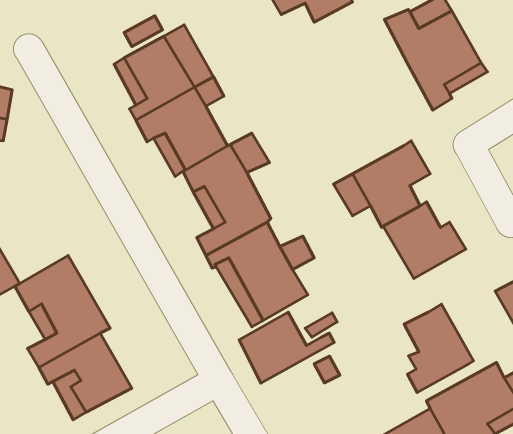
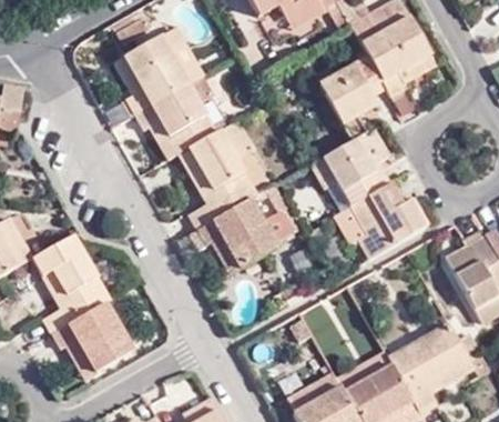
building: none -> [314,60,386,145]
building: [404,304,474,393] -> none
building: [239,312,334,383] -> none

